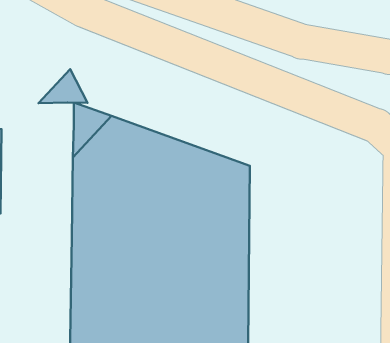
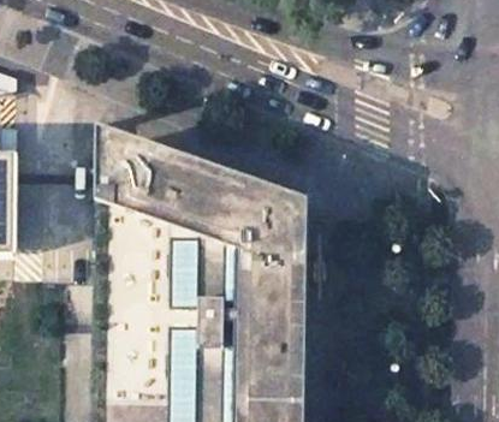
building: [39,69,88,103] -> none

